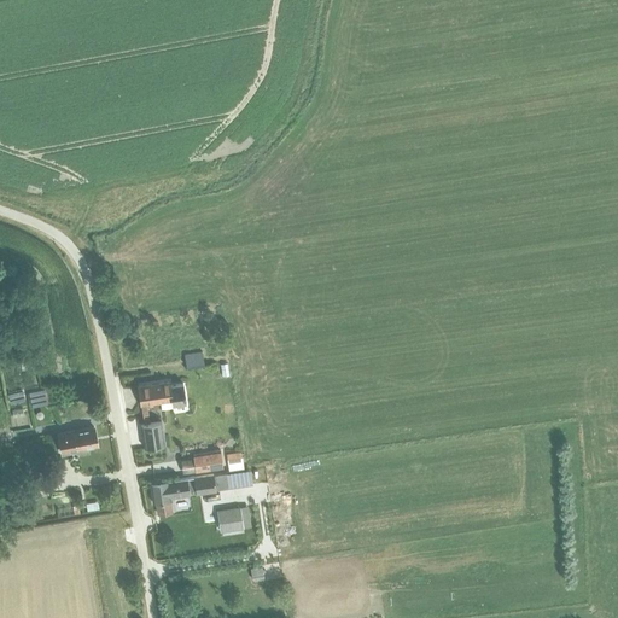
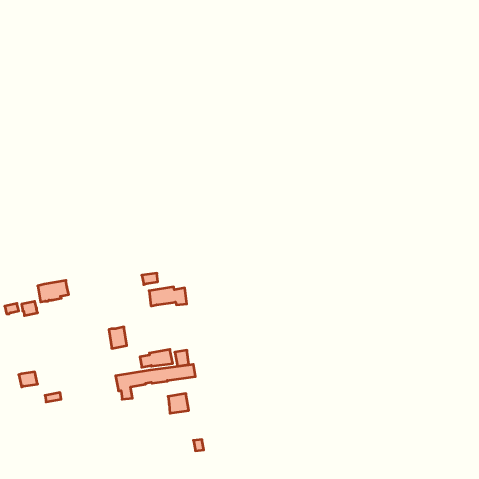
building: [136,381,185,406] -> [149,287,187,306]
building: [57,427,97,455] -> [38,280,69,302]

